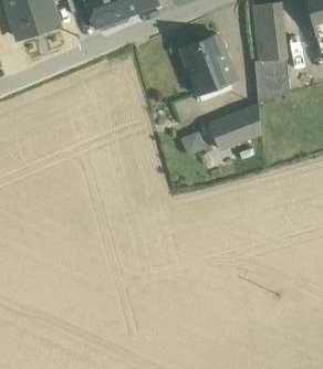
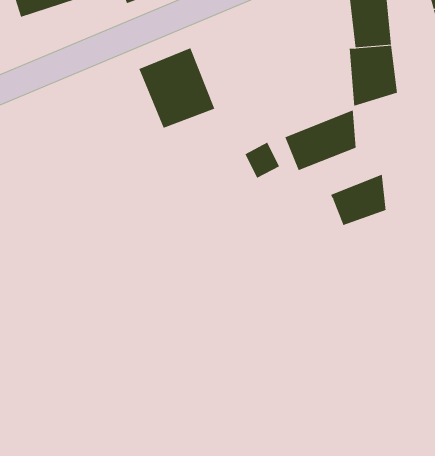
building: [180,34,236,93] -> [139,47,215,129]
building: none -> [330,174,386,226]

